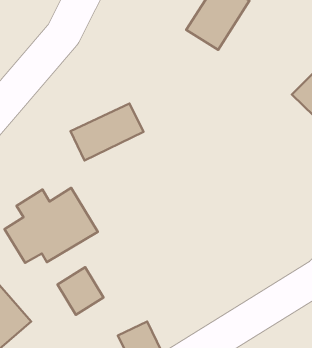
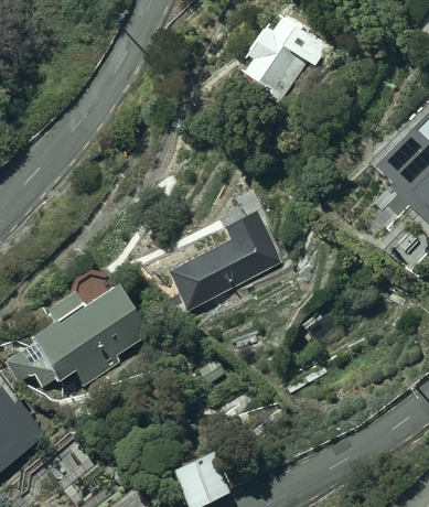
building: [71,103,143,160] -> [167,231,259,304]
building: [57,267,104,315] -> none

